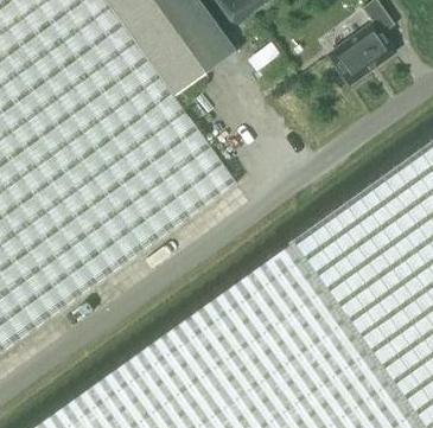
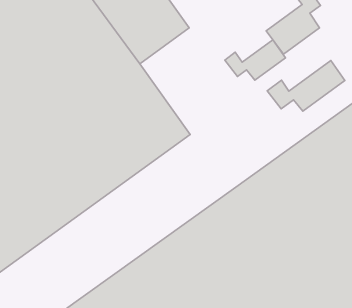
building: none -> [225,40,286,80]
building: none -> [267,61,345,111]

